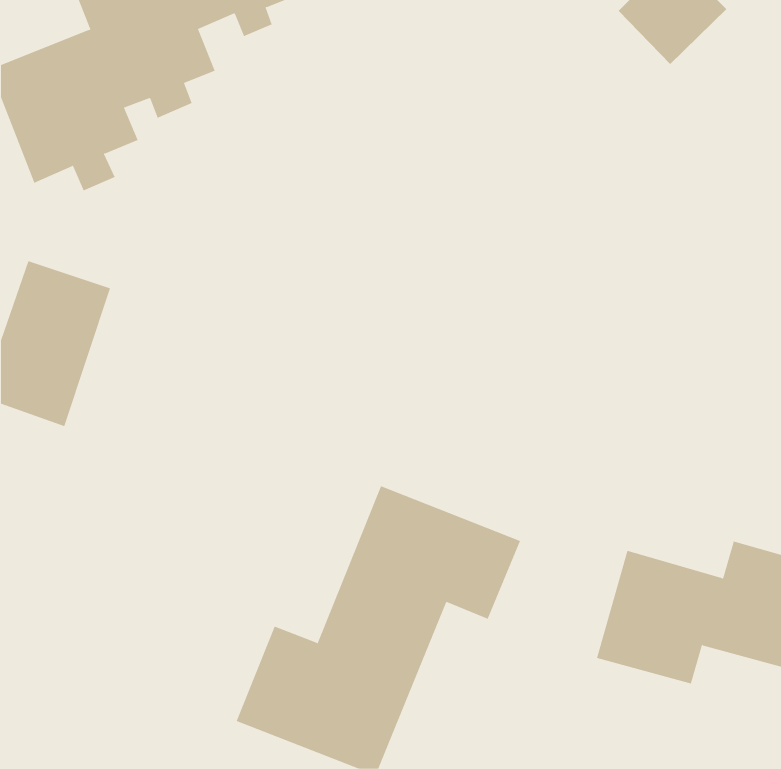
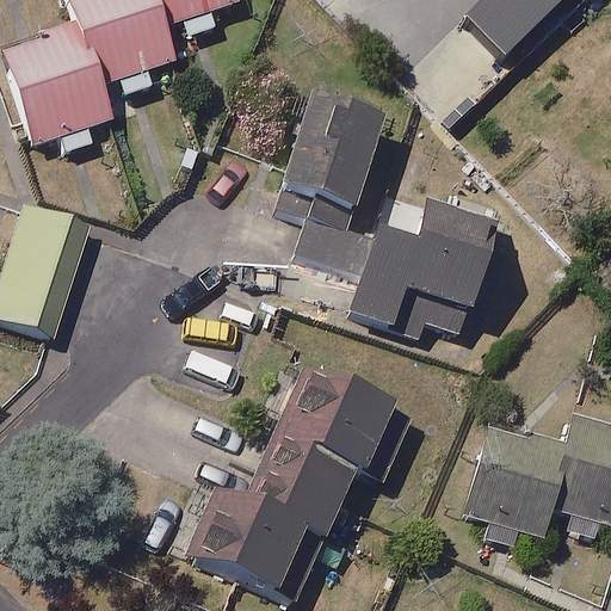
building: none -> [280,105,377,214]
building: none -> [298,203,493,328]

